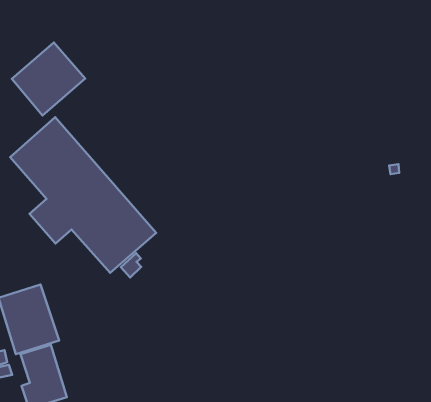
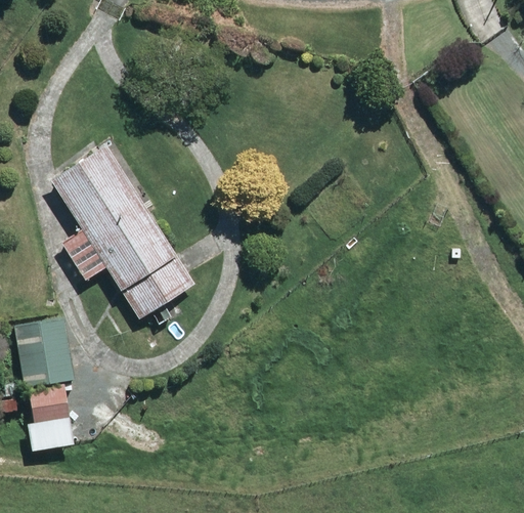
building: [12,43,85,116] -> none

